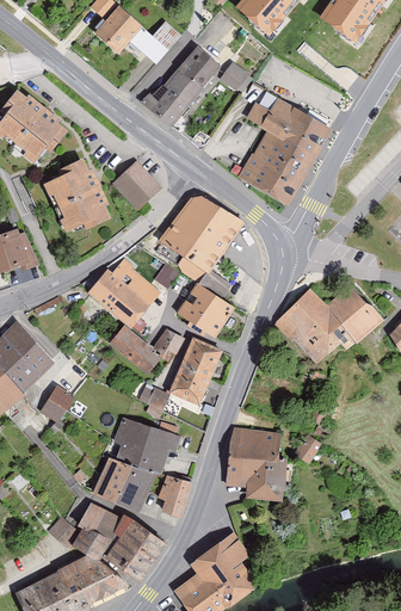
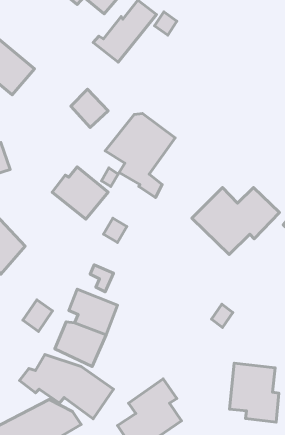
building: [239,86,334,204] -> none
building: [42,156,111,235] -> none
building: [178,282,236,337] -> none
building: [111,325,162,365] -> none
building: [169,337,224,405] -> none
building: [39,382,78,422] -> [23,300,53,331]
building: [223,424,286,499] -> [230,363,279,422]
building: [155,473,192,519] -> none

